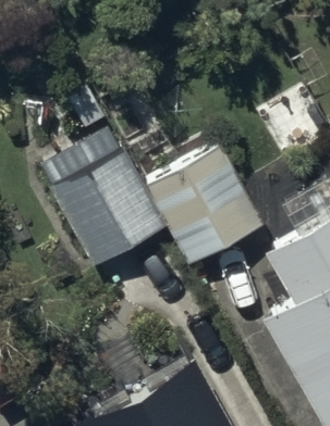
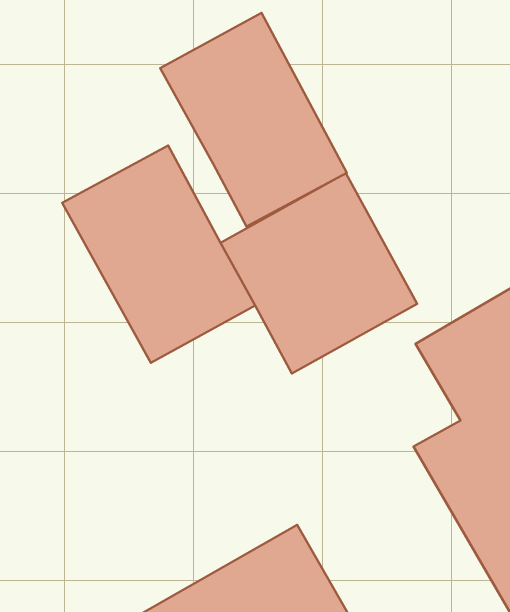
building: none -> [160,13,347,227]

